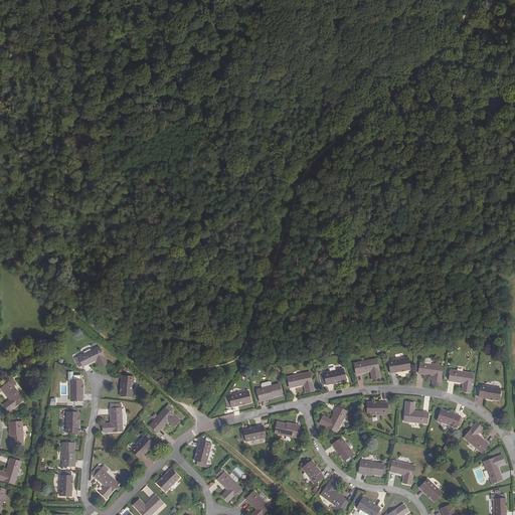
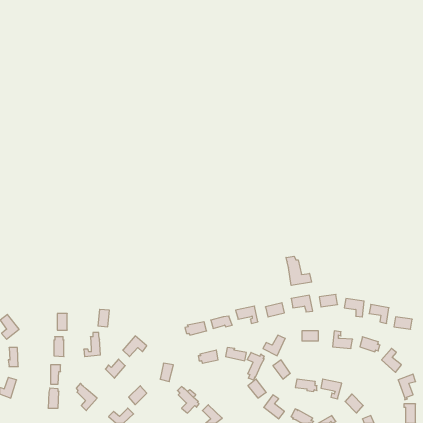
building: none -> [286,256,312,285]
building: [73,345,107,366] -> none
building: none -> [247,352,264,380]

